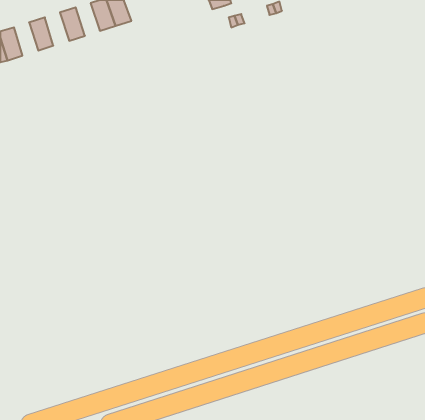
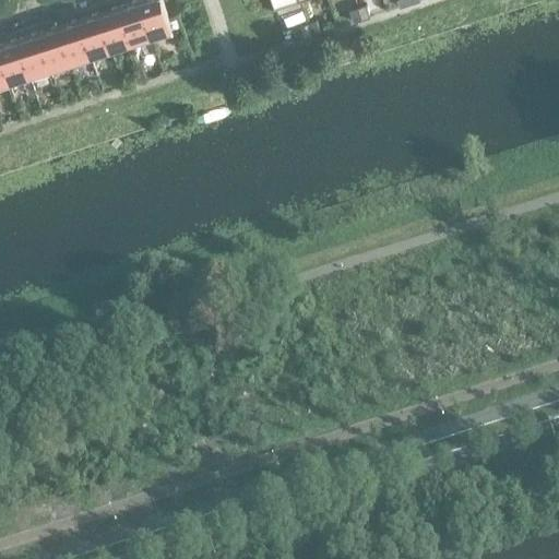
building: none -> [99,10,131,52]
building: none -> [59,22,91,66]
building: none -> [19,35,50,79]

